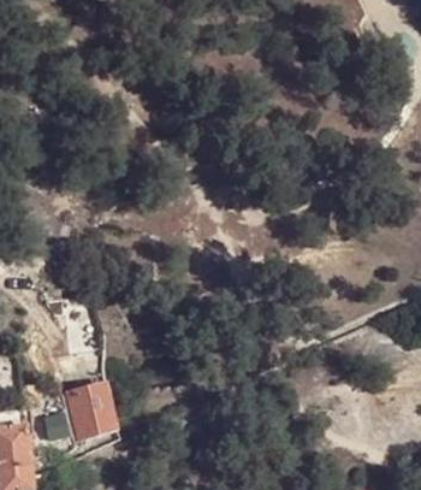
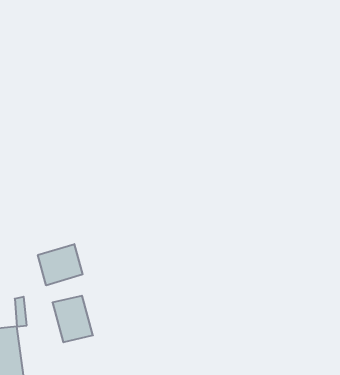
building: none -> [38,244,83,285]

